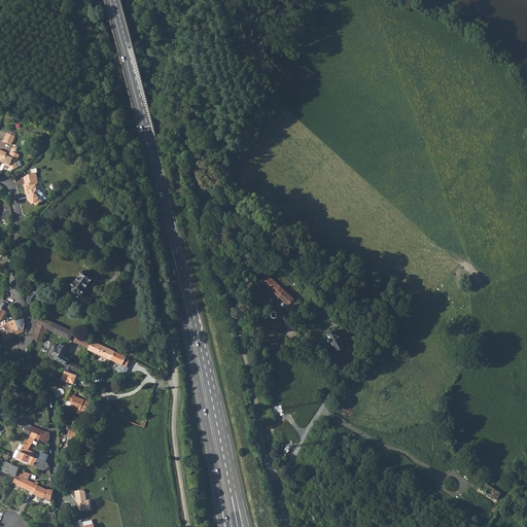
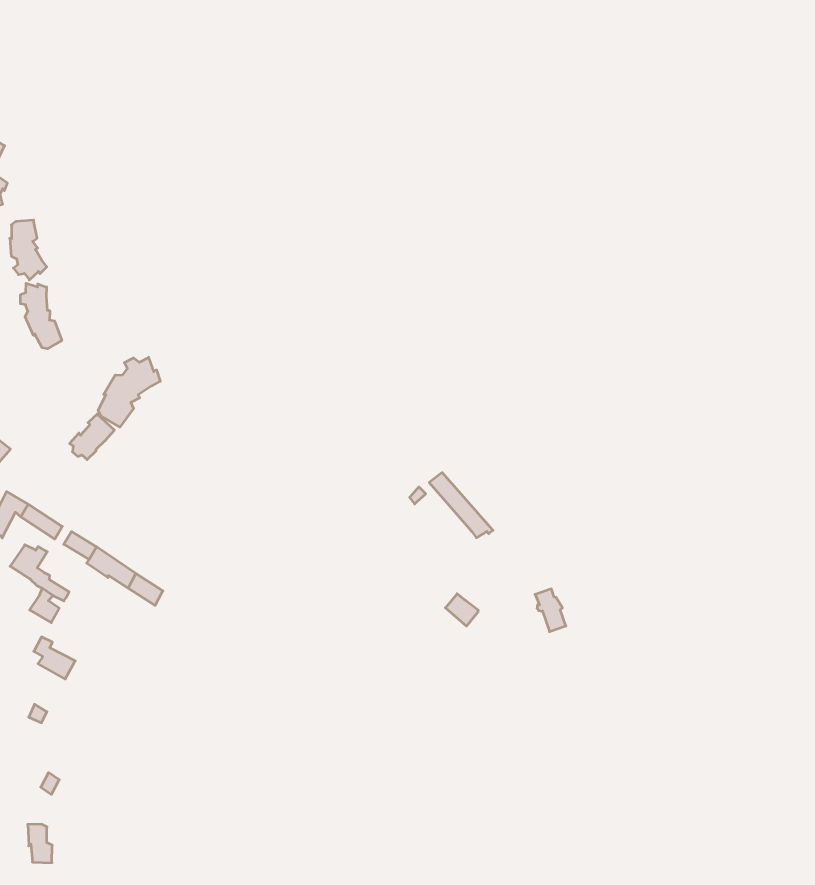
building: none -> [20,283,62,349]
building: none -> [98,357,160,427]

